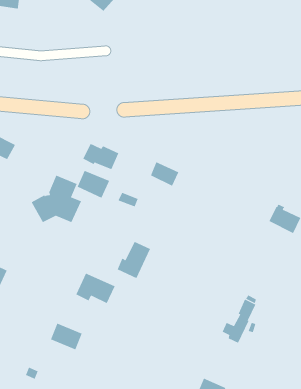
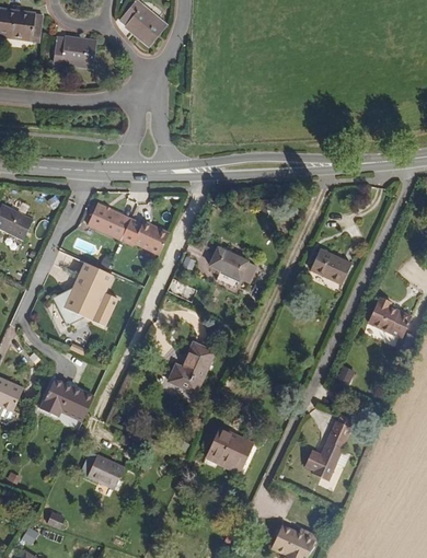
building: none -> [54,39,93,66]
building: none -> [308,249,348,283]
building: [77,170,110,198] -> [89,200,132,237]
building: [76,273,116,304] -> [43,374,95,415]
building: none -> [204,431,251,472]

